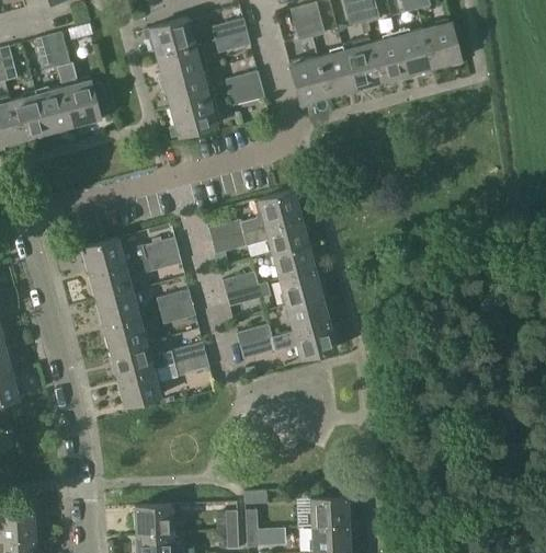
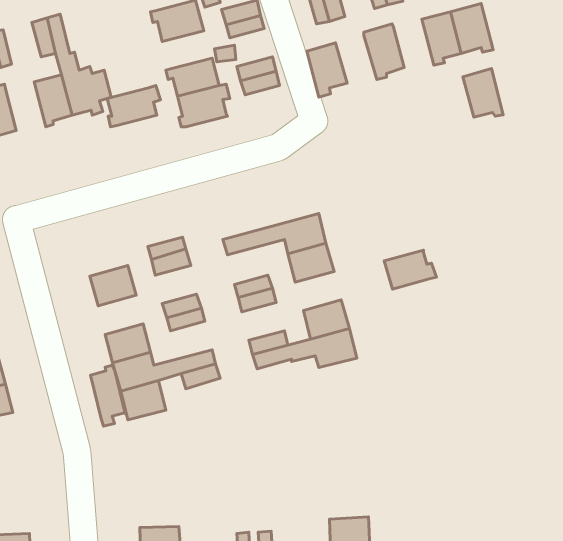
building: [369,36,407,81] -> [463,69,503,117]
building: [156,45,205,83] -> [107,85,160,127]
building: [316,51,354,95] -> none
building: [11,94,48,139] -> none
building: [207,191,300,240] -> none
building: [81,238,124,274] -> none
building: [278,269,327,306] -> [384,250,436,289]
building: [96,291,138,327] -> none
building: none -> [90,365,125,426]

